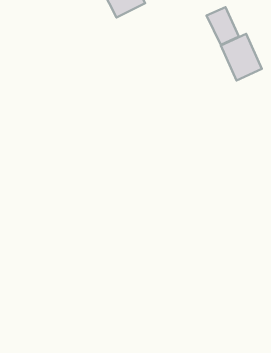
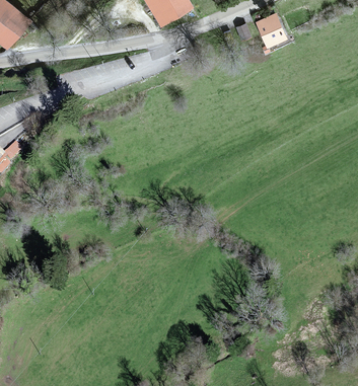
building: [221,34,262,80] -> none

